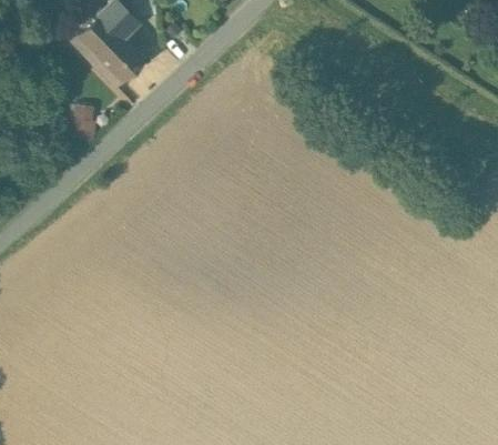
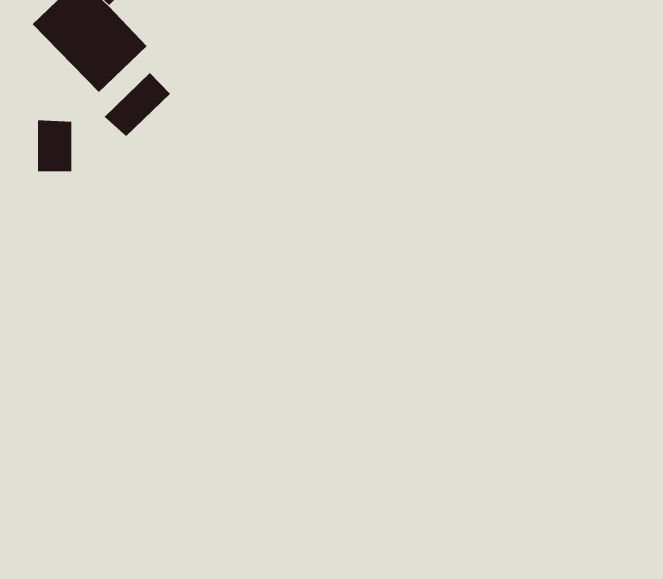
building: none -> [104,72,171,137]

